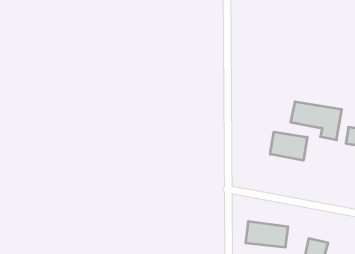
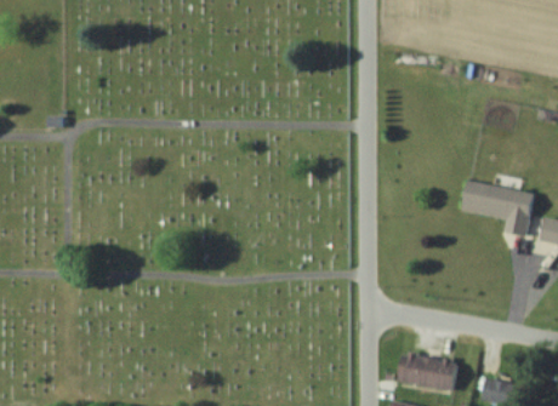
building: [270,132,307,160] -> none

